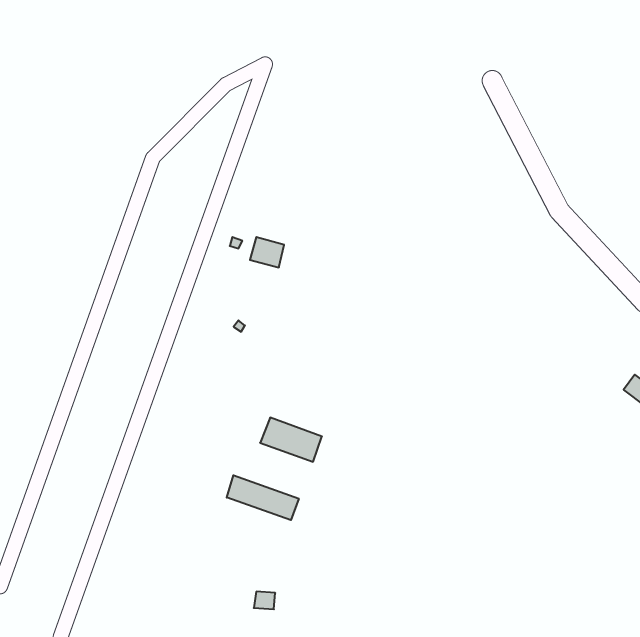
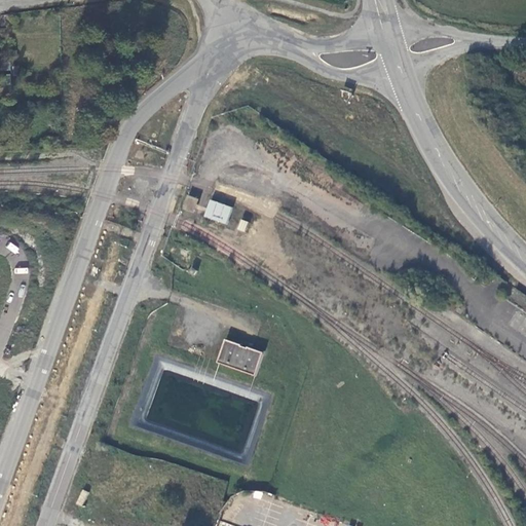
building: [227,475,299,520] -> none

